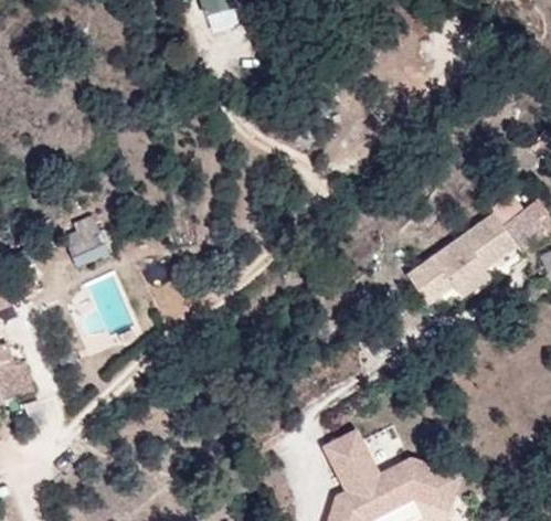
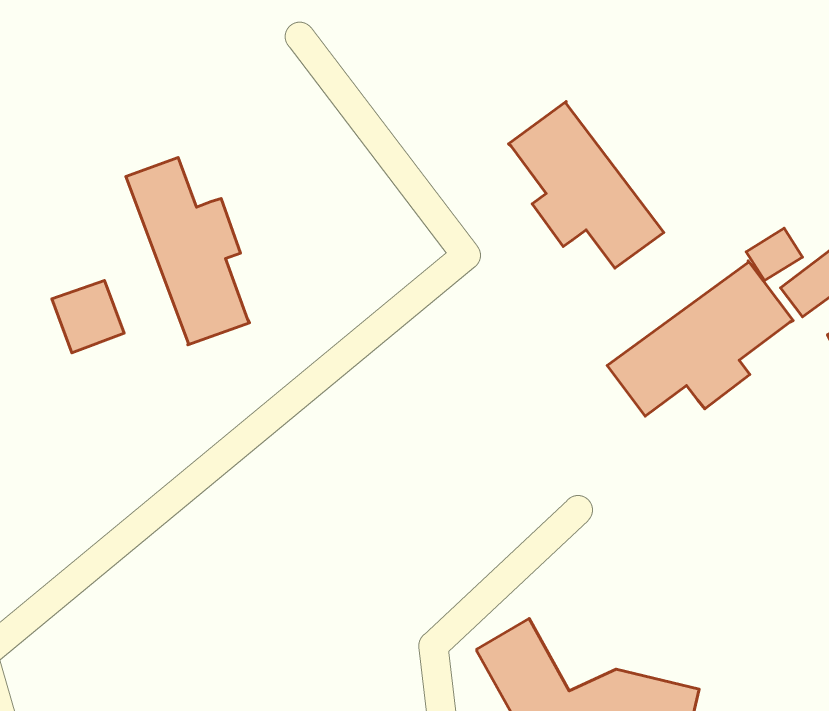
building: none -> [508,102,664,268]
building: none -> [126,158,250,345]

